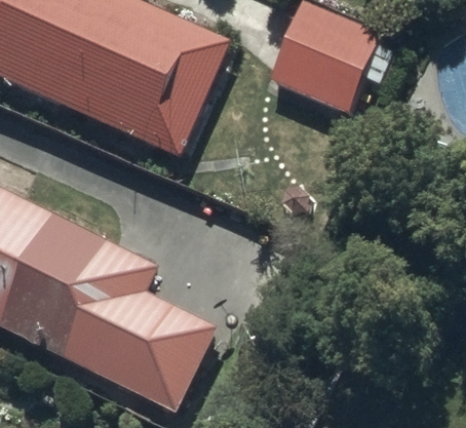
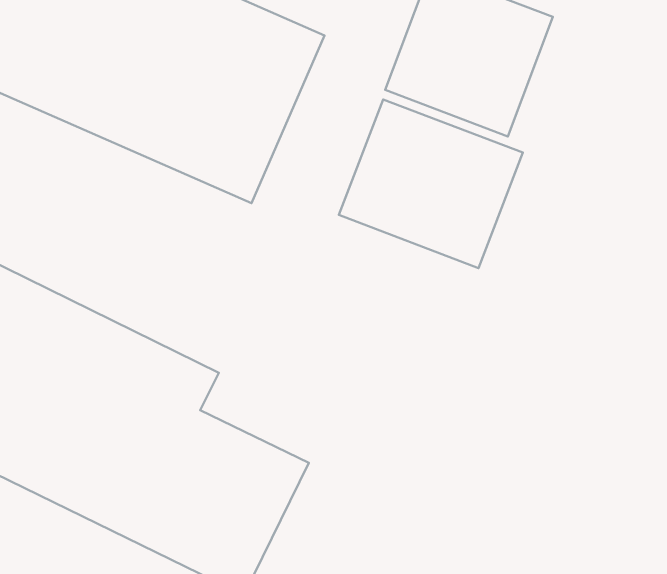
building: none -> [339,100,523,268]

